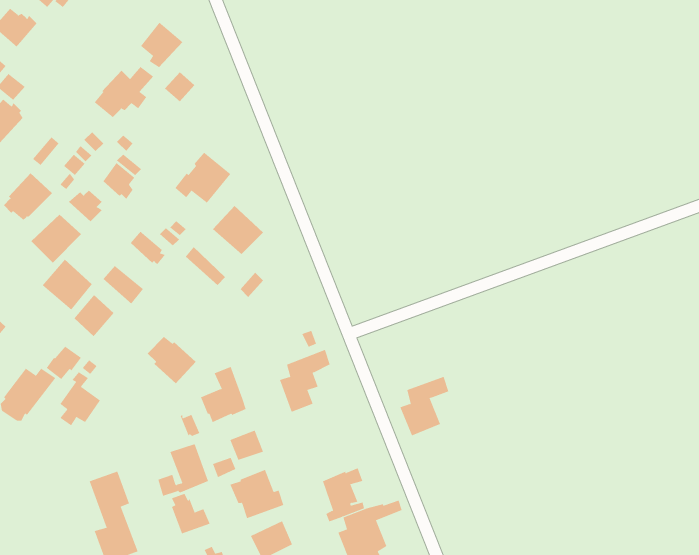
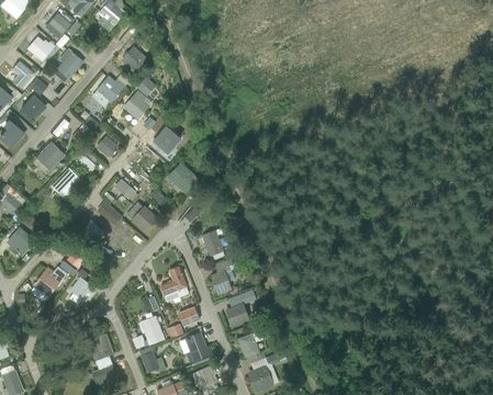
building: none -> [56,48,83,80]
building: none -> [123,90,153,120]
building: [42,259,92,311] -> none
building: none -> [201,228,224,259]
building: [147,336,197,384] -> [126,202,158,233]
building: [400,376,449,436] -> [224,290,256,328]

